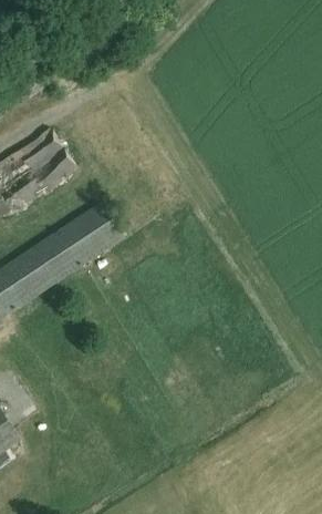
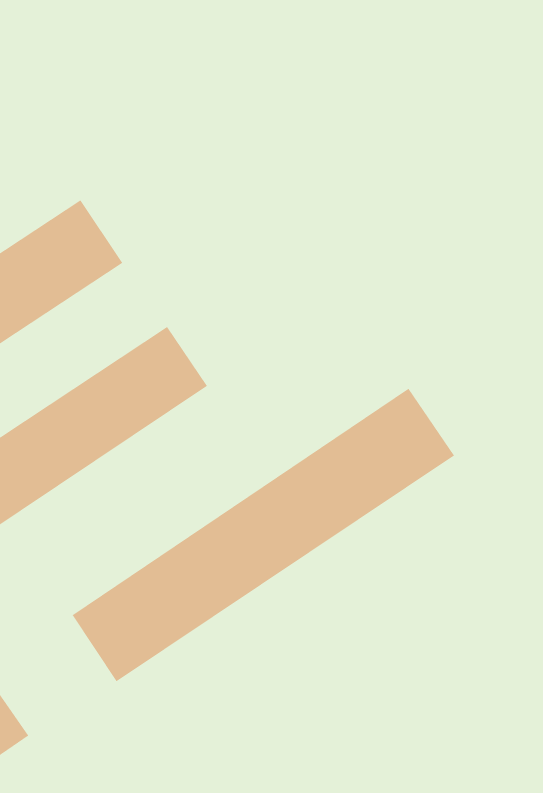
building: none -> [72,388,455,682]

